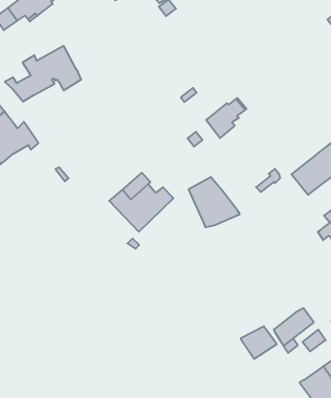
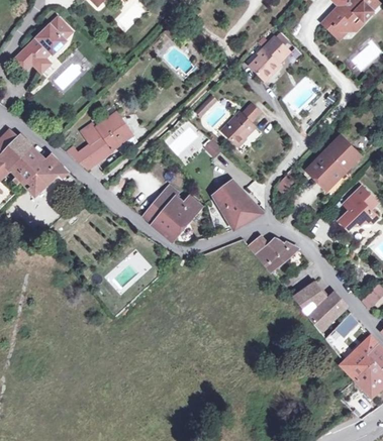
building: none -> [250,36,284,77]
building: [5,46,81,102] -> [66,112,136,169]
building: none -> [249,235,297,269]
building: [241,326,277,359] -> [292,283,326,314]

